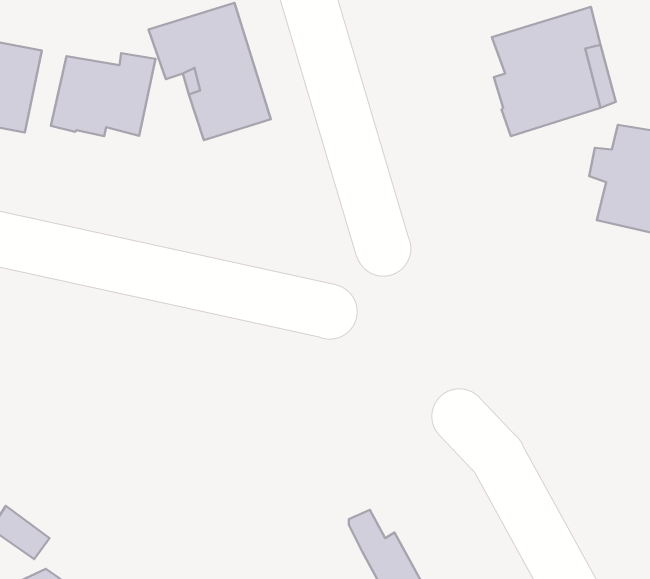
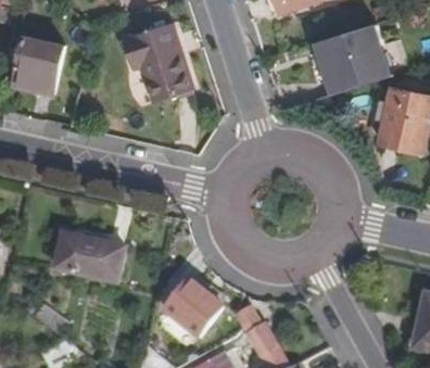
building: [51,53,155,136] -> none
building: none -> [47,231,121,279]
building: none -> [161,281,219,339]

